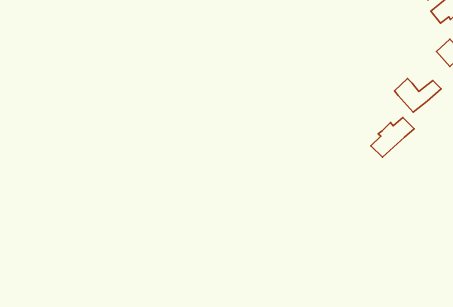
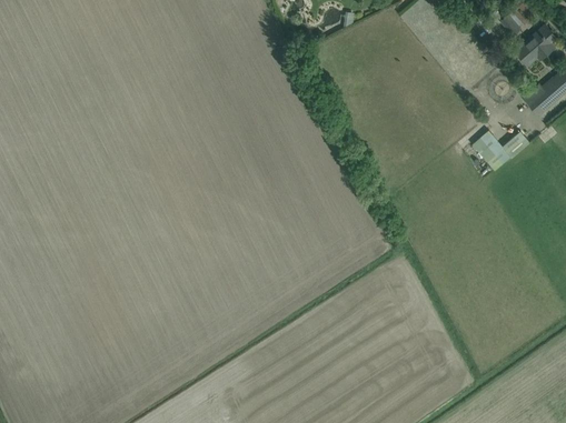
building: [371,117,414,157] -> none

